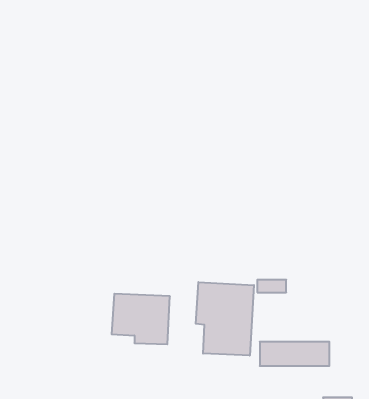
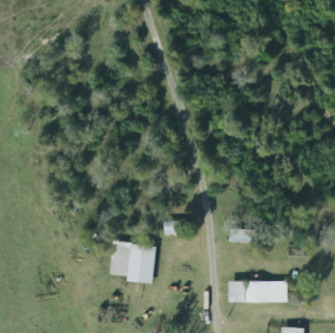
building: [196,282,254,356] -> none

